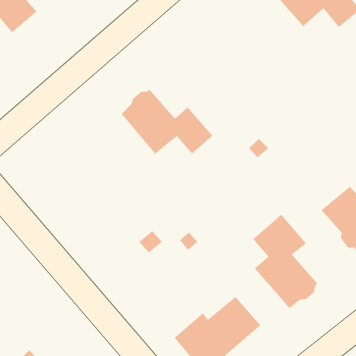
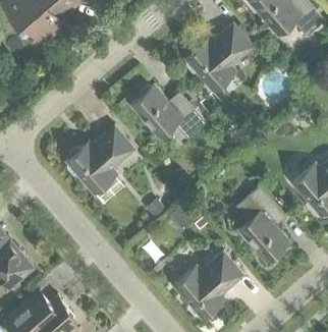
building: none -> [184,22,254,91]
building: none -> [65,125,134,193]

